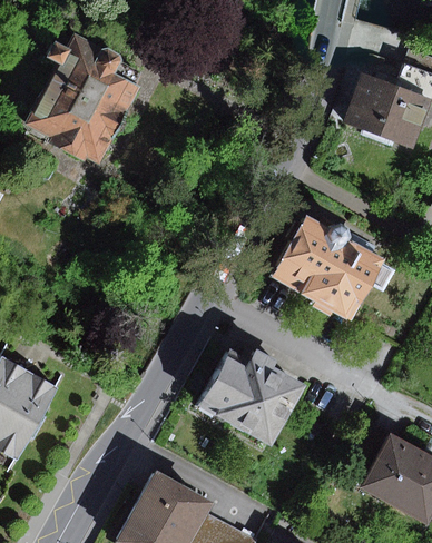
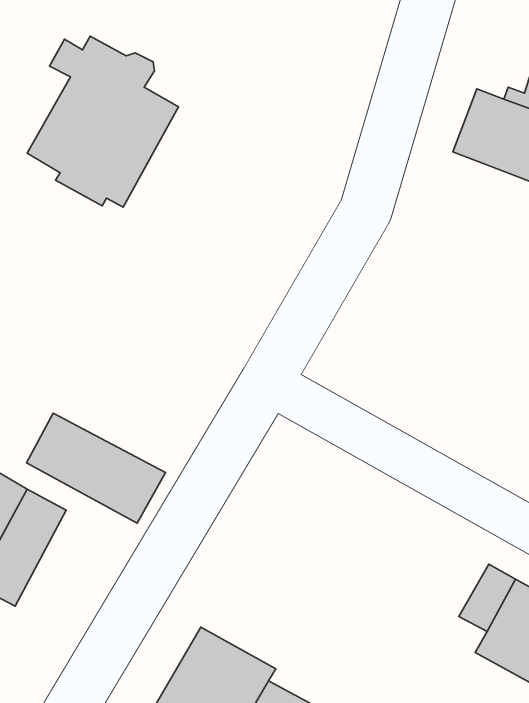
building: [273,217,384,319] -> none
building: none -> [27,413,165,523]
building: [195,347,296,443] -> none

